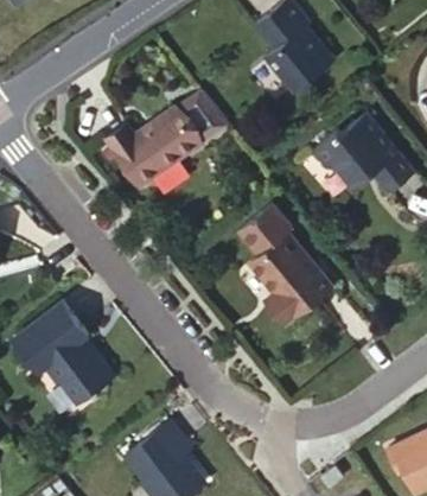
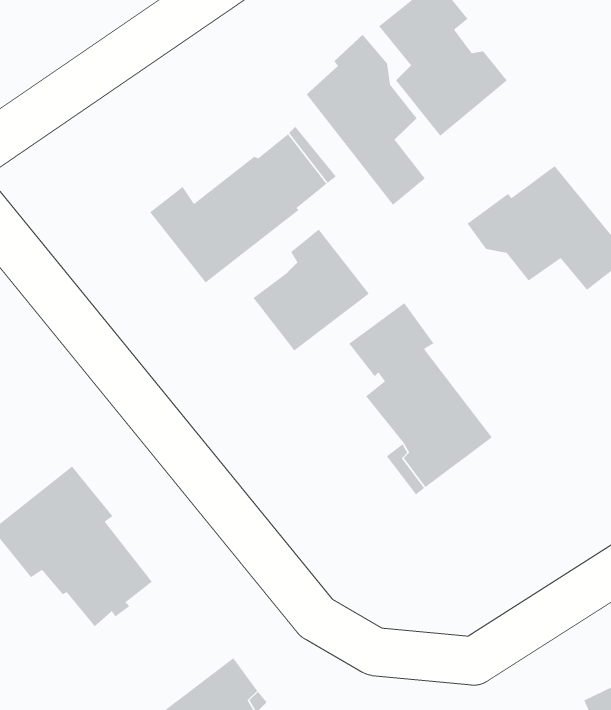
building: none -> [306,34,426,206]
building: none -> [253,228,370,352]

